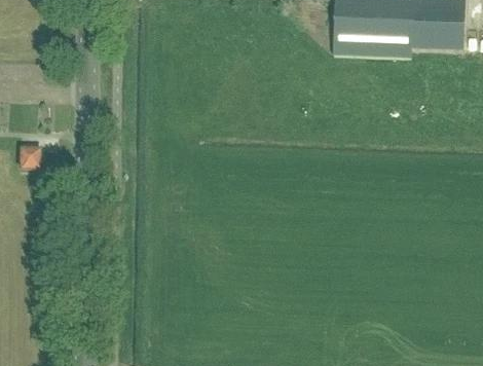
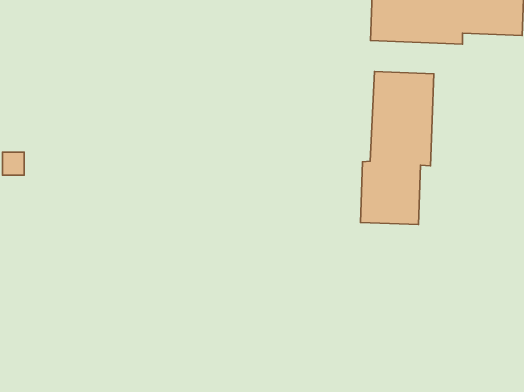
building: none -> [360,71,434,225]

